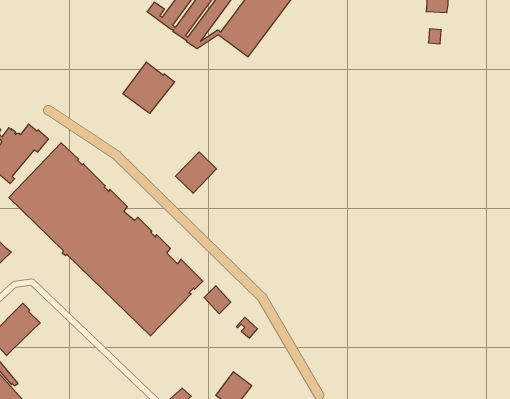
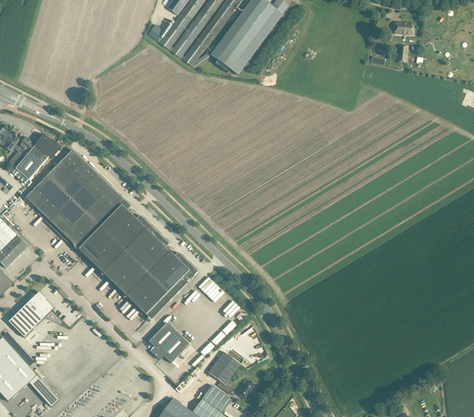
building: [123,62,175,113] -> none
building: [175,152,217,193] -> none
building: none -> [148,322,188,363]

